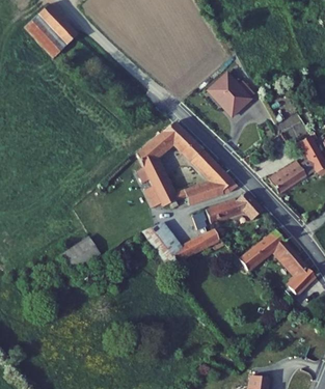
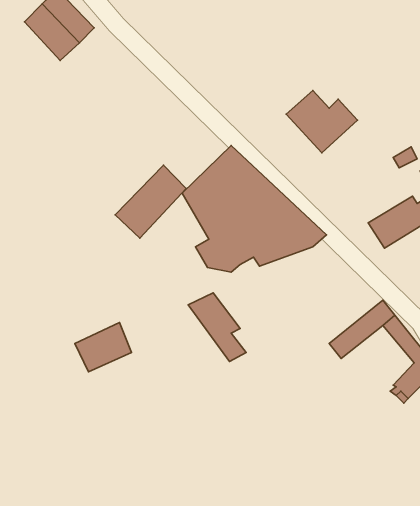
building: none -> [115,165,186,238]
building: [204,188,262,222] -> none
building: [169,227,220,263] -> none

